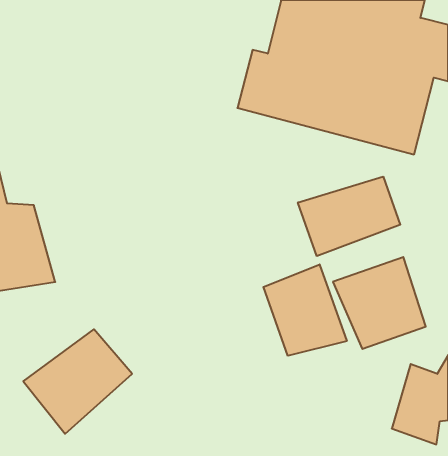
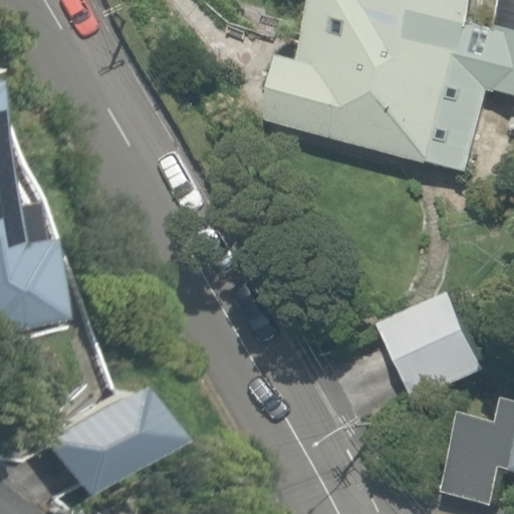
building: [298,177,400,256] -> none
building: [263,264,347,356] -> none

